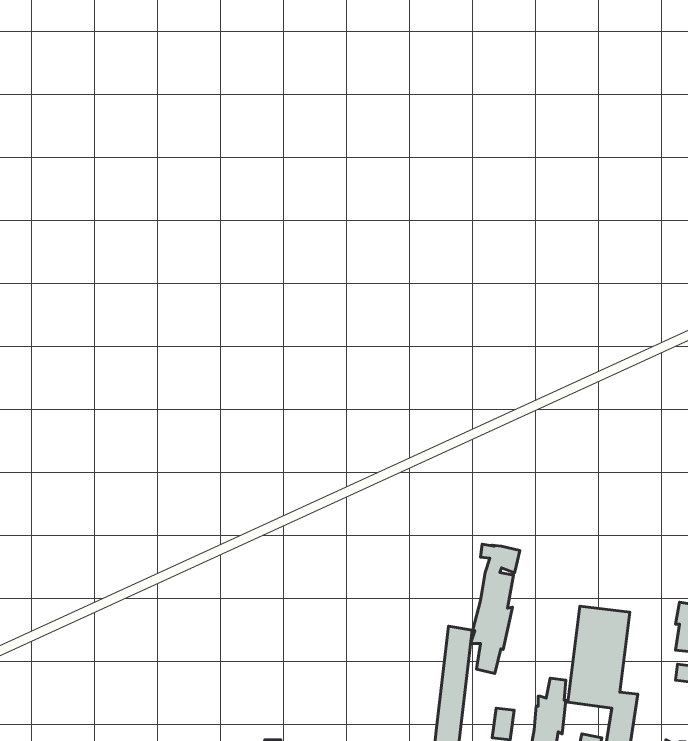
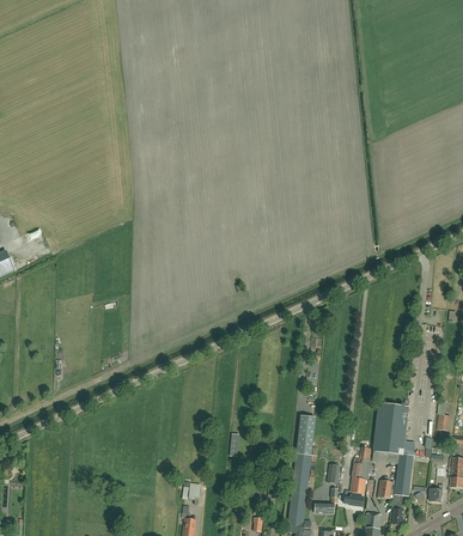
building: [471,544,520,674] -> none

